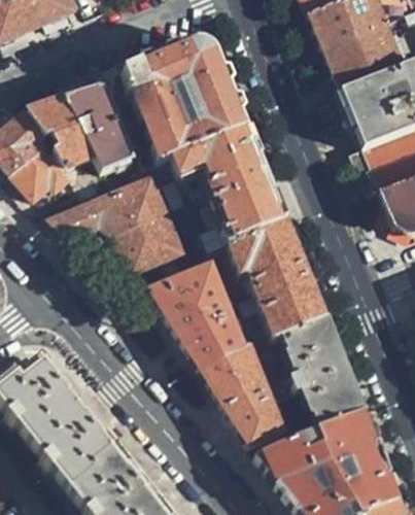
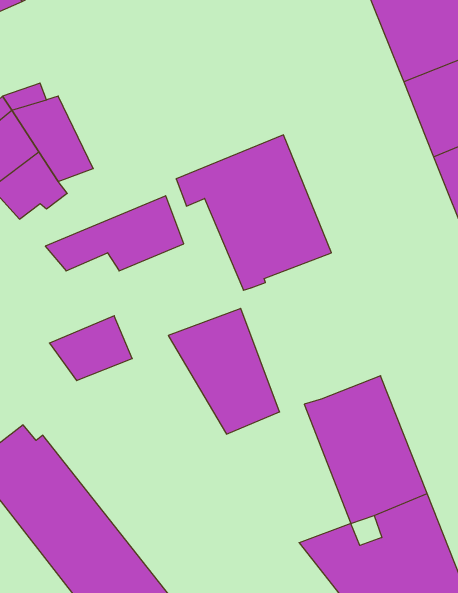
building: [117,40,247,167] -> none
building: [68,85,135,170] -> none
building: [116,214,182,266] -> [49,316,132,381]
building: [232,221,324,338] -> none
building: [202,346,284,443] -> none

